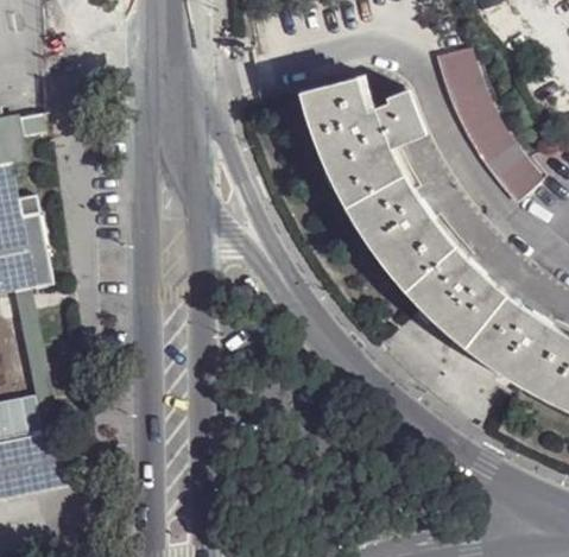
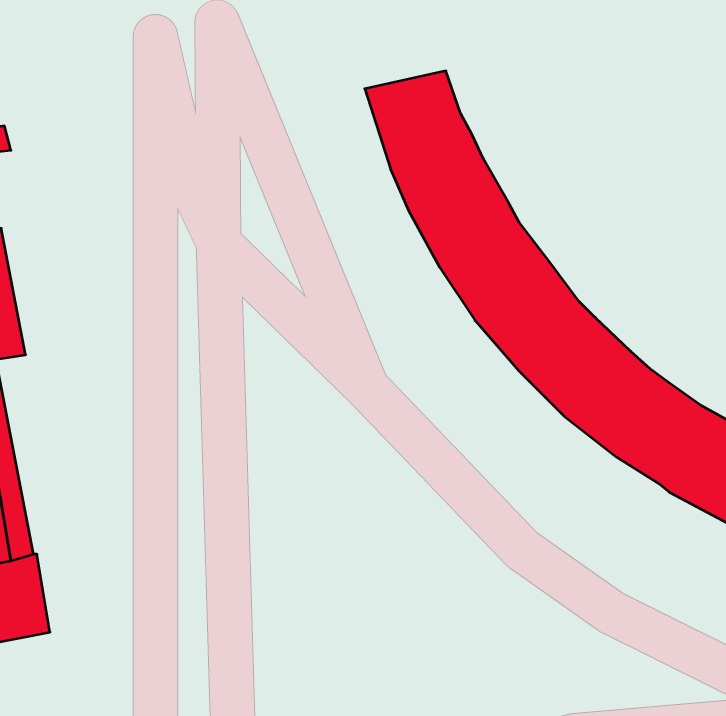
building: [437,48,540,202] -> none
building: [368,90,422,143] -> none

